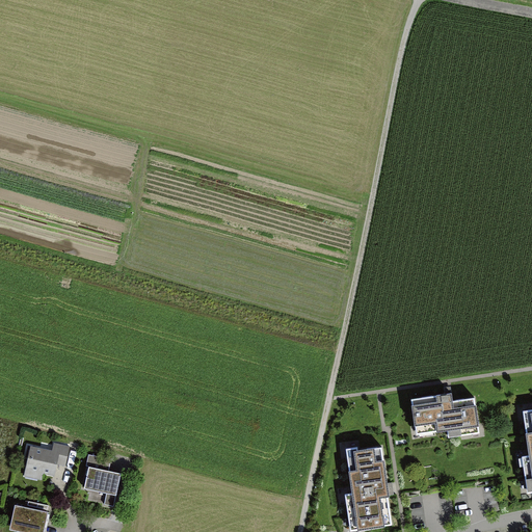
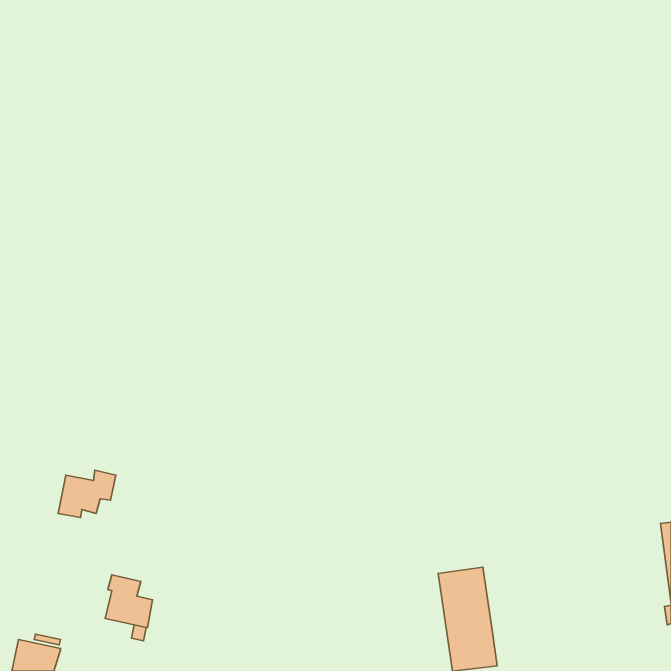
building: [410,394,478,438] -> none
building: [24,442,70,479] -> [58,470,116,517]

